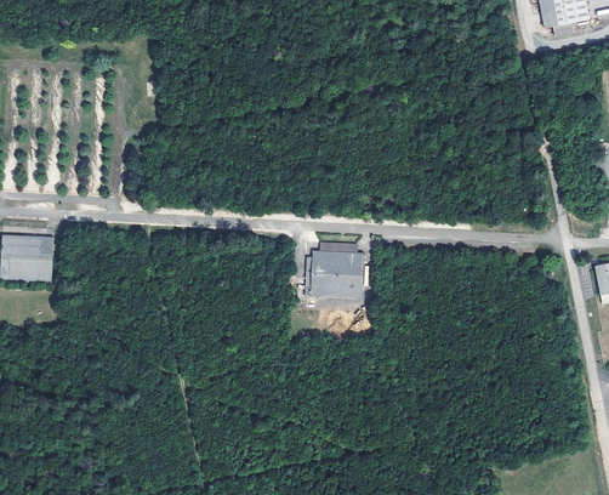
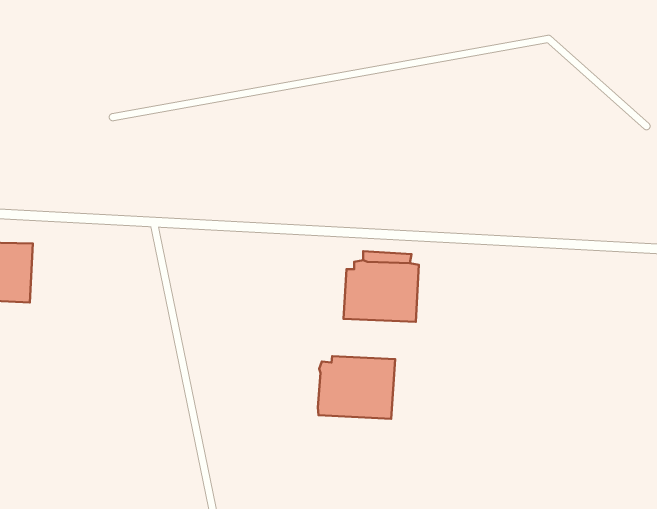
building: none -> [318,356,395,419]

